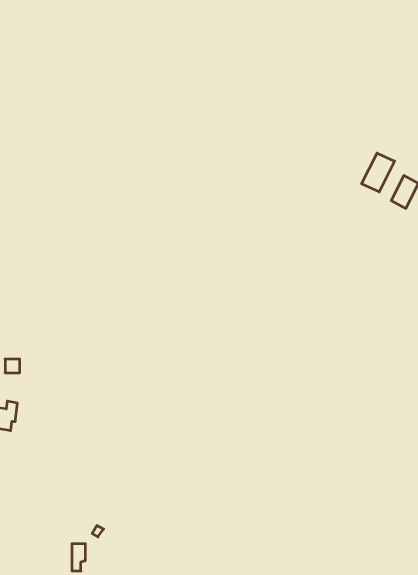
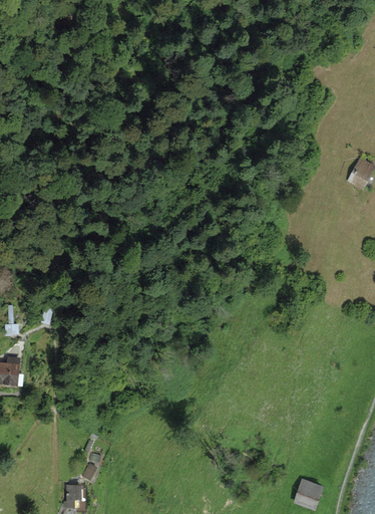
building: [362,153,395,192] -> none
building: none -> [296,480,322,507]

